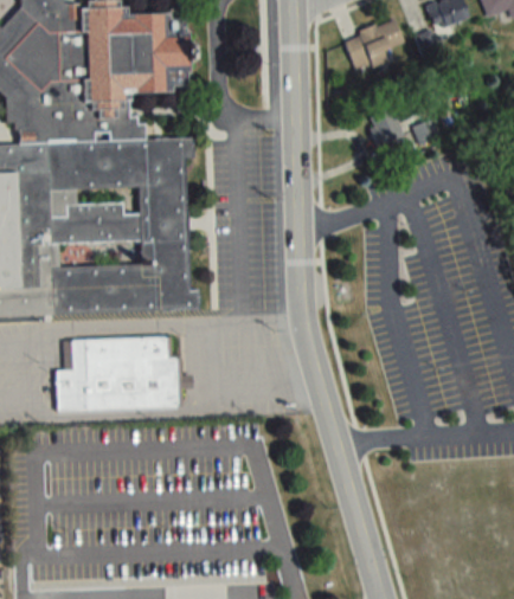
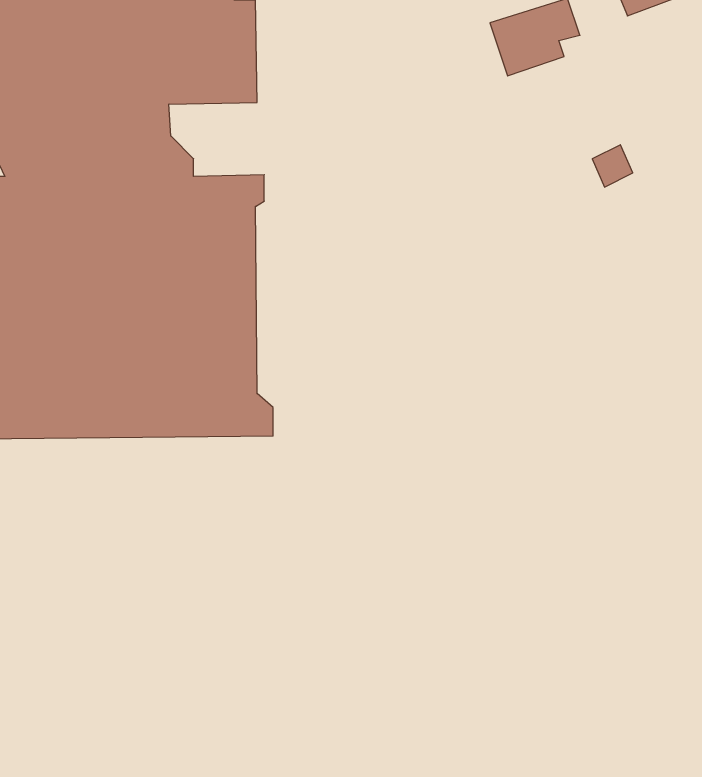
building: [367,107,404,146] -> none
building: [56,339,178,411] -> none

